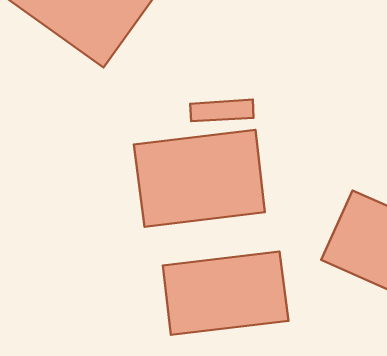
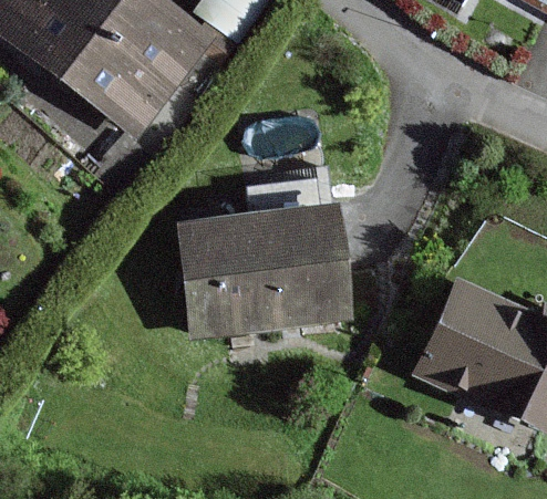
building: [163,252,288,335] -> none

